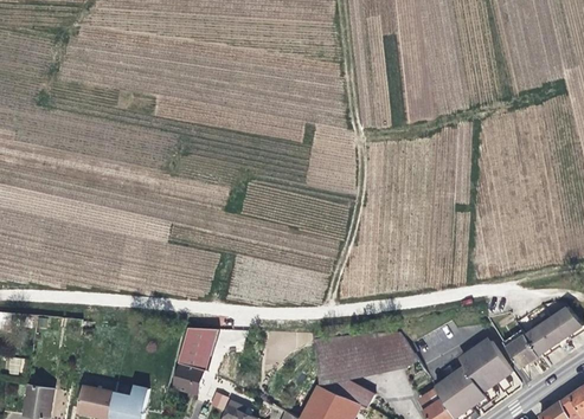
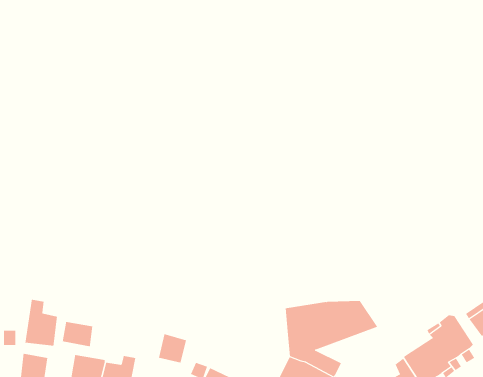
building: none -> [25,299,57,346]
building: [180,325,219,368] -> none
building: none -> [62,321,93,347]

